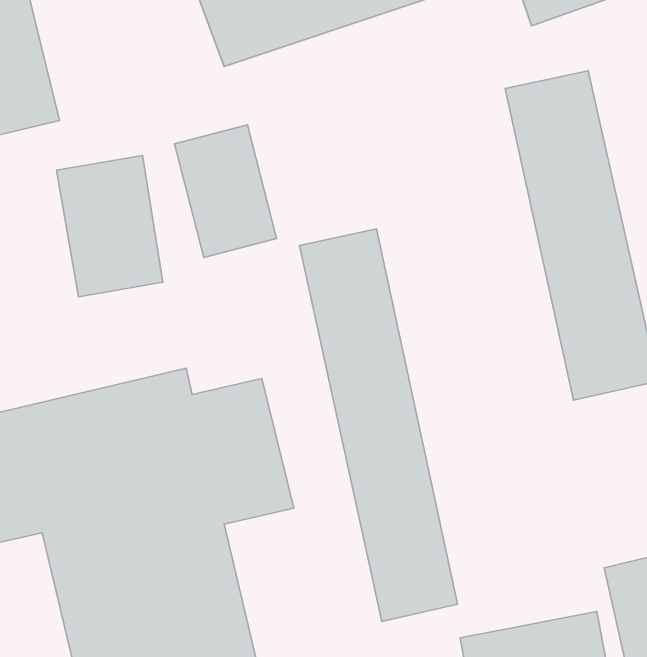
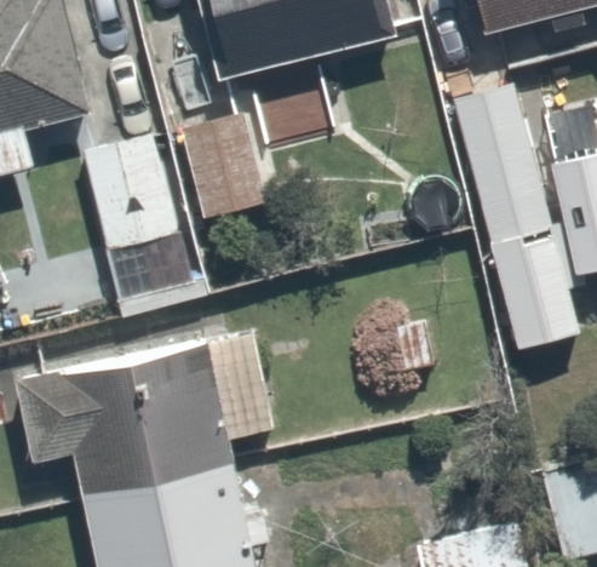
building: [299,229,457,622] -> none

